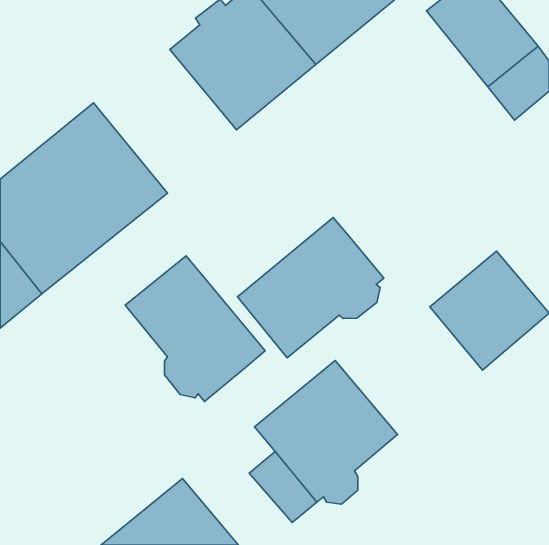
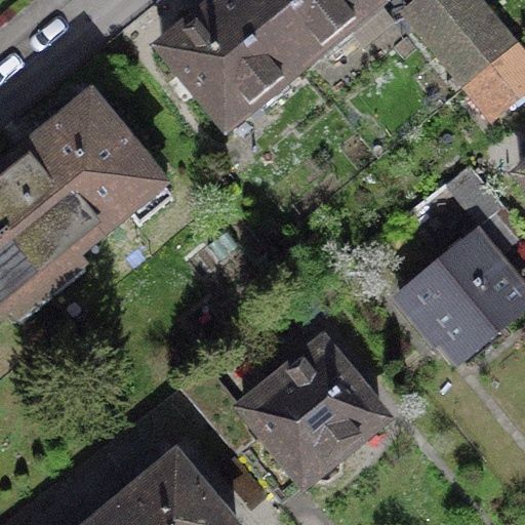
building: [238,217,384,358] -> none
building: [125,256,265,401] -> none

